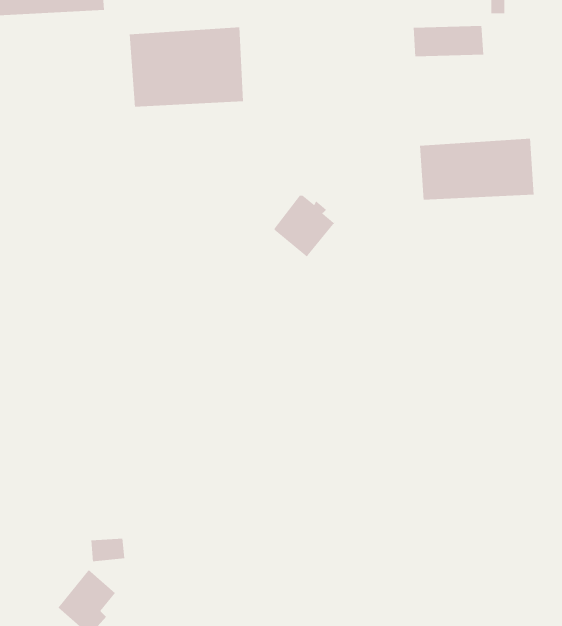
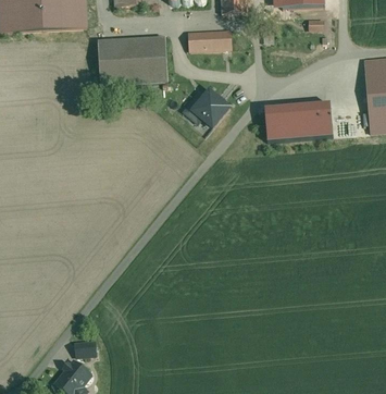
building: [413,26,484,57] -> [188,30,231,49]
building: [274,195,336,257] -> [192,89,229,126]

